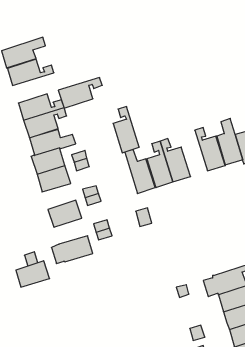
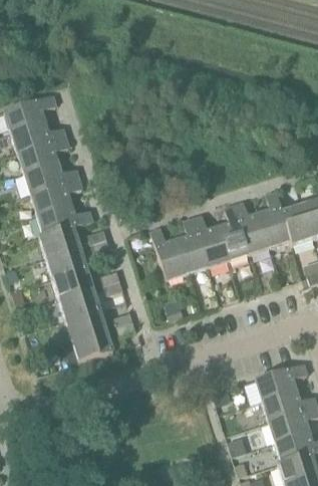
building: [58,78,102,108] -> [18,136,70,172]
building: [113,107,139,153] -> [219,204,250,259]
building: none -> [53,267,93,298]
building: [16,261,50,287] -> [67,308,107,339]

